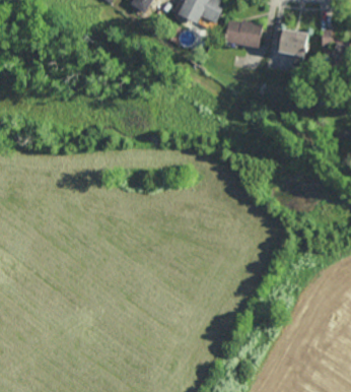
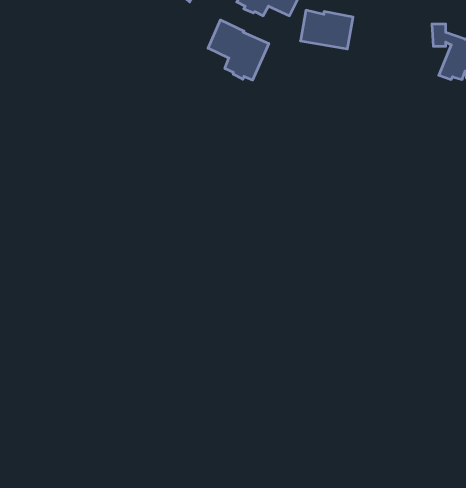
building: none -> [208,20,269,80]
building: [277,27,307,67] -> none

